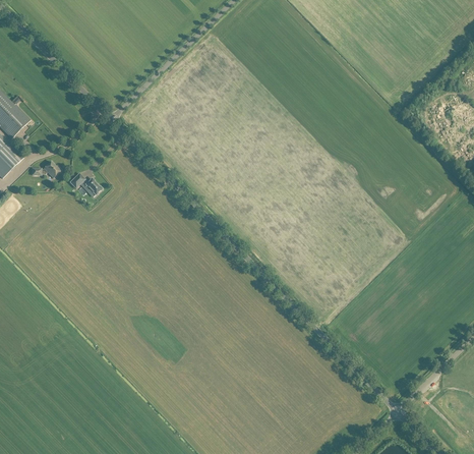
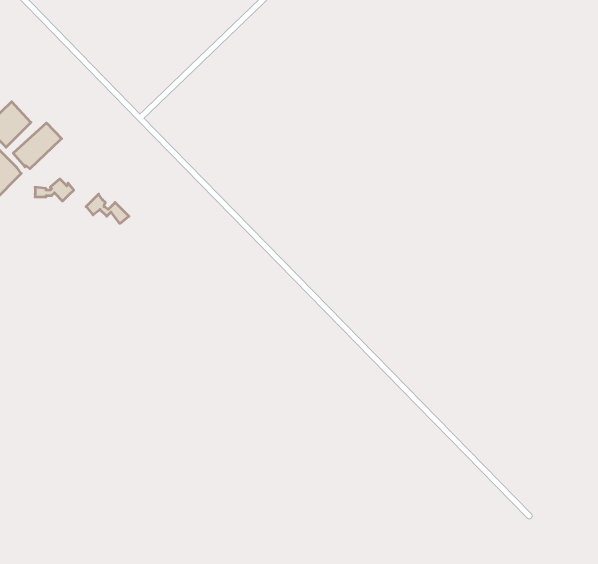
building: none -> [13,123,62,169]

